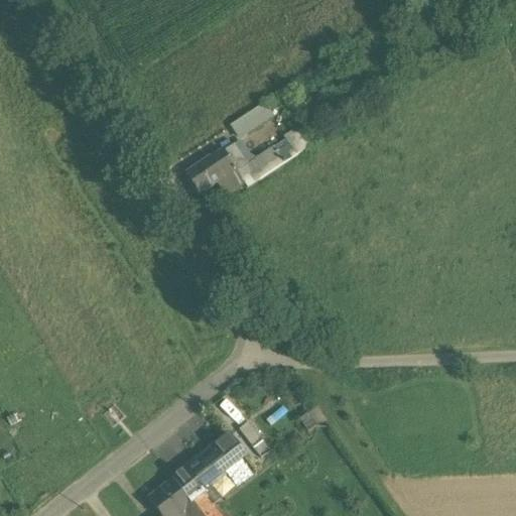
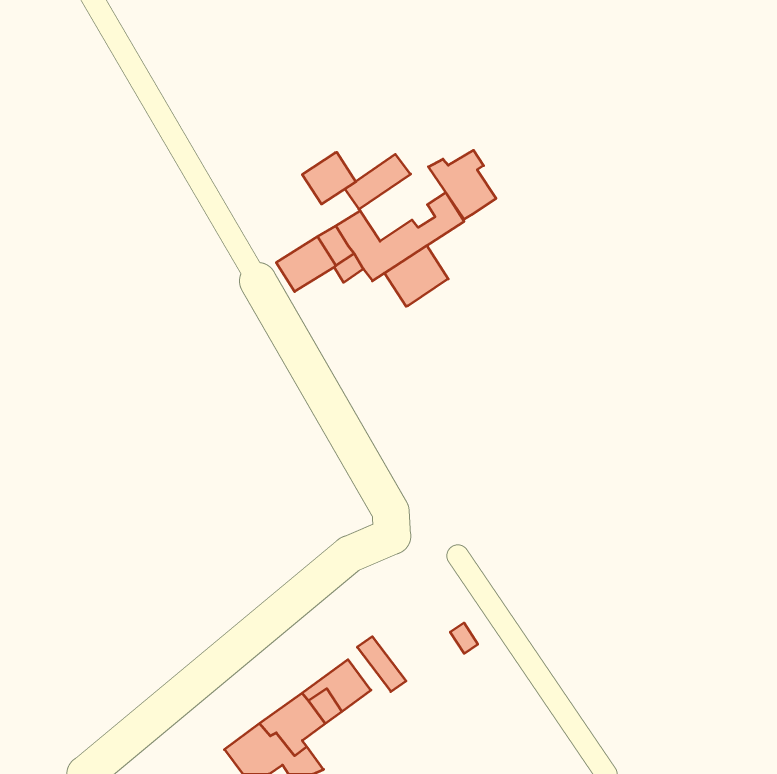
building: none -> [428,150,496,219]
building: none -> [302,152,356,204]
building: none -> [384,246,448,306]

